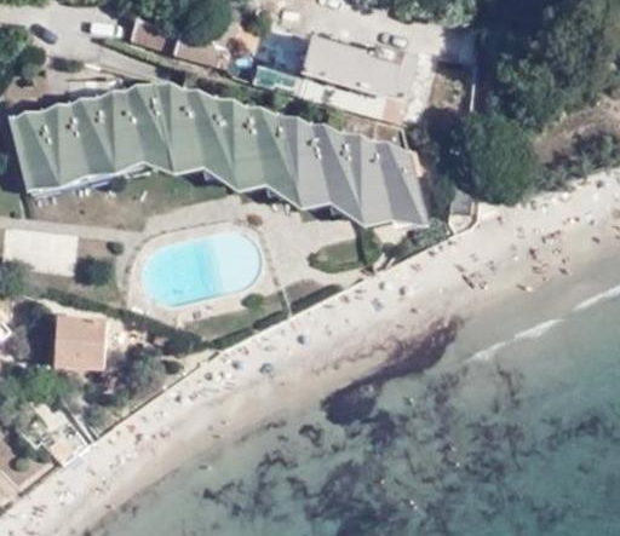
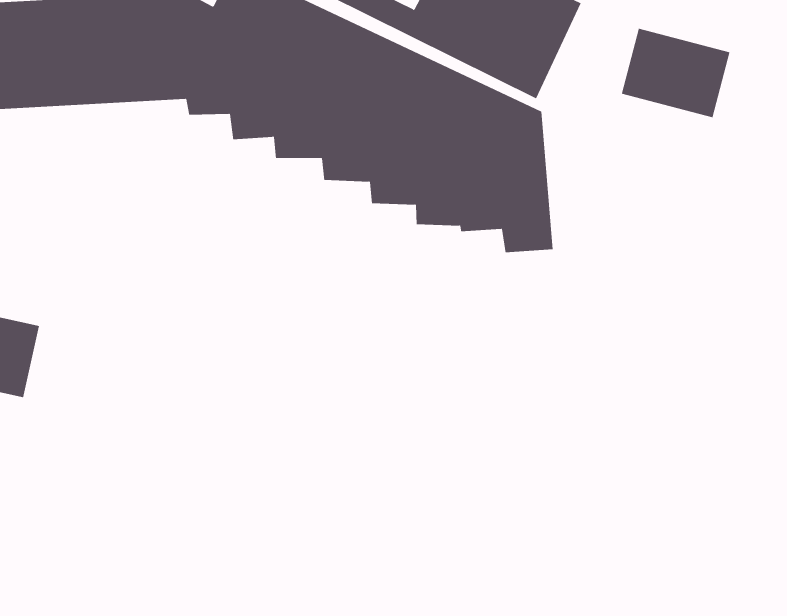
building: none -> [621,28,730,118]

